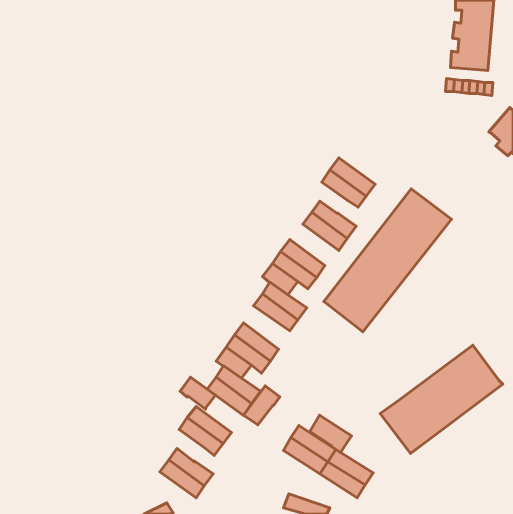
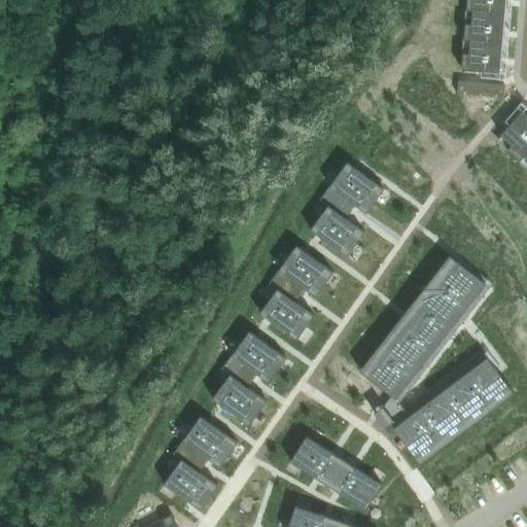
building: none -> [319,186,355,218]
building: [324,189,451,332] -> [359,255,490,401]
building: [180,377,215,409] -> [173,440,209,472]
building: [244,386,280,425] -> none
building: [310,415,351,453] -> none

